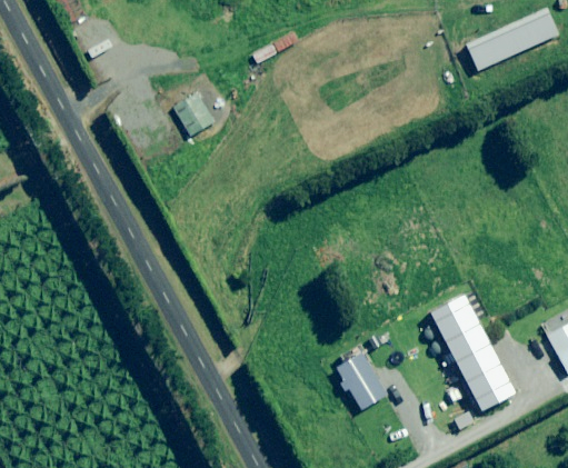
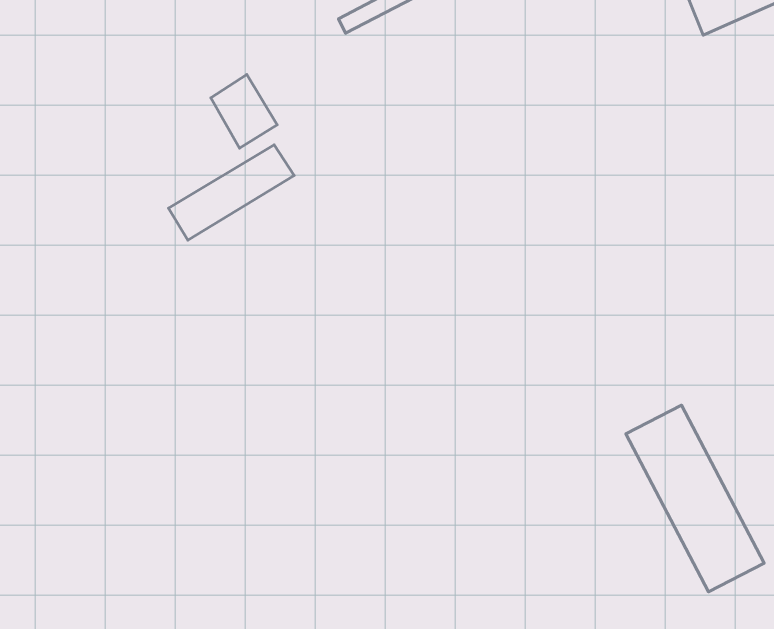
building: none -> [169,145,294,240]
building: [335,347,388,410] -> none

